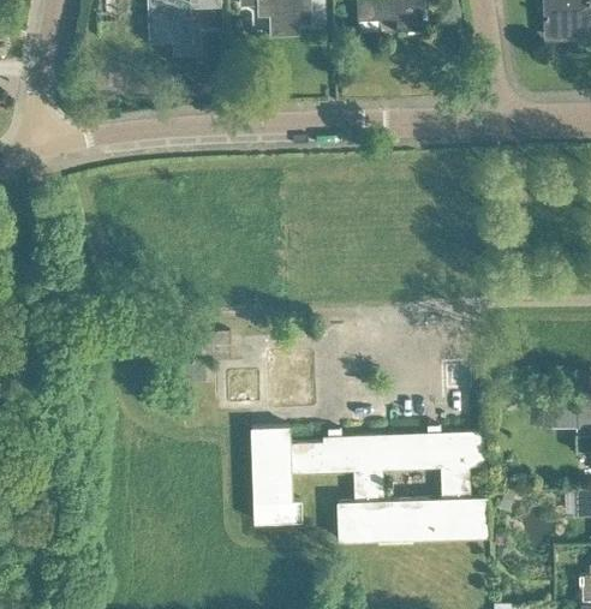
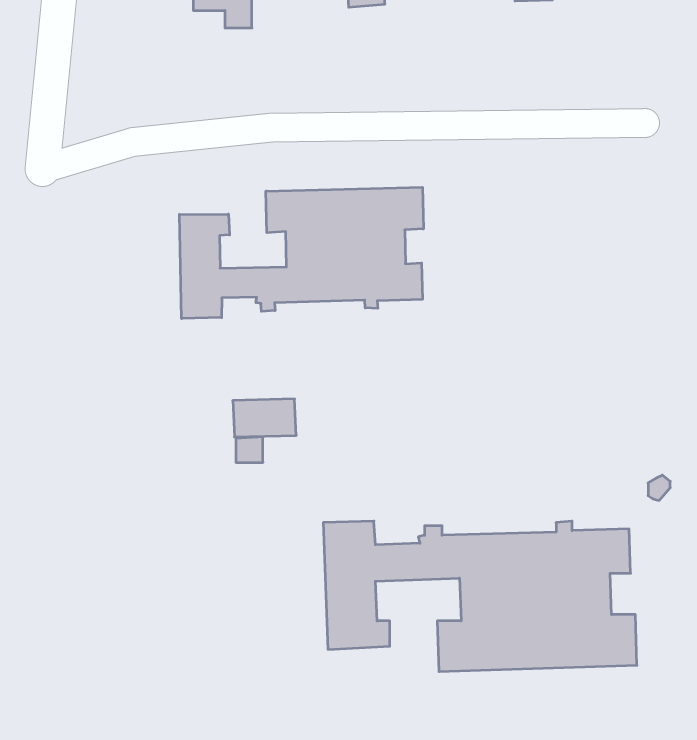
building: none -> [179,187,423,319]

